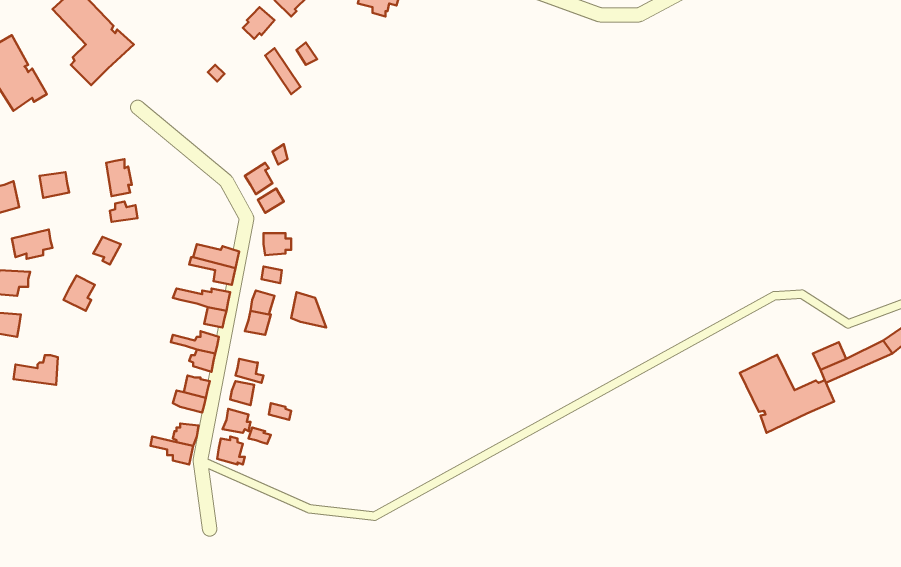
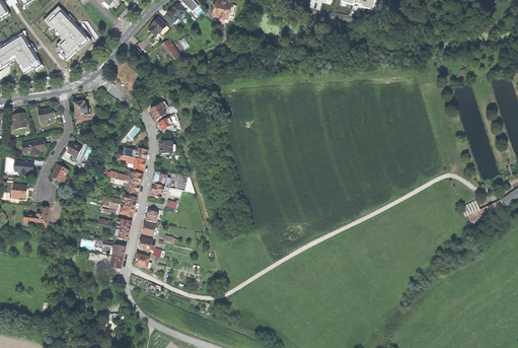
building: [740,355,834,433] -> none

